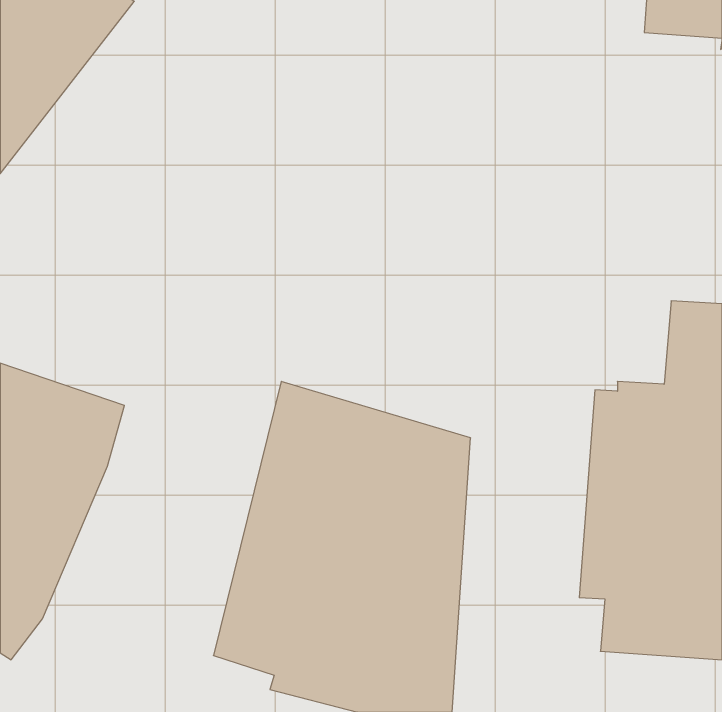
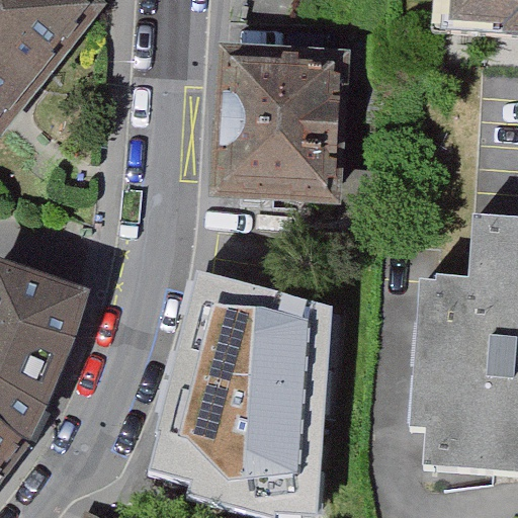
building: none -> [223,55,339,194]

